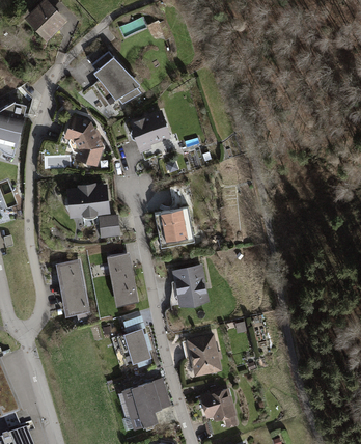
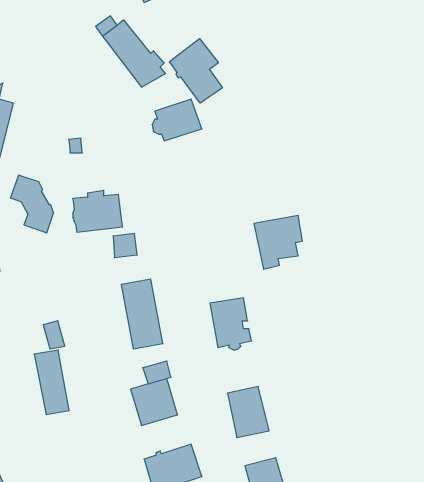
building: none -> [169,39,222,103]
building: [67,118,101,163] -> [10,175,54,233]
building: [155,207,192,249] -> [254,216,302,269]
building: [60,262,87,312] -> [34,350,69,415]

